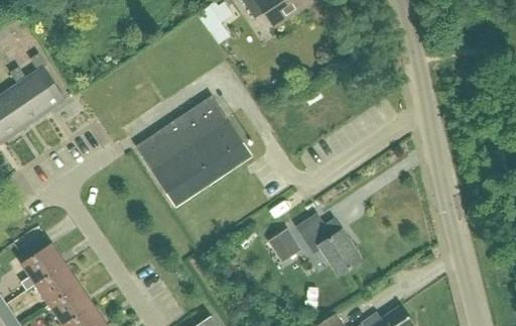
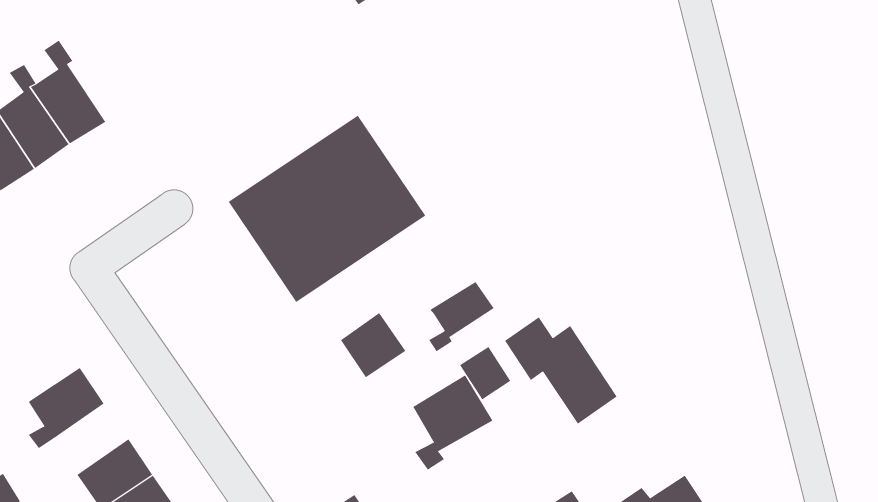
building: none -> [428,281,495,352]
building: none -> [340,312,406,378]
building: none -> [412,374,493,471]
building: [35,263,79,305] -> none

